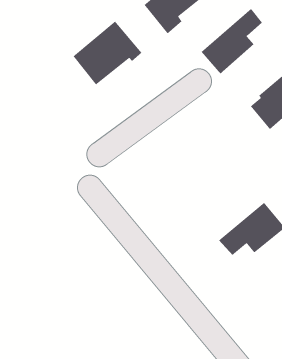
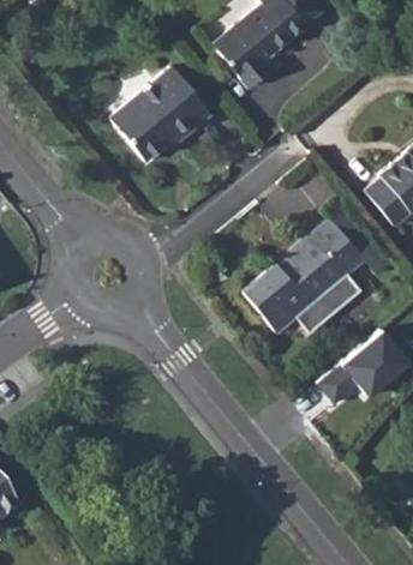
building: [201,8,263,75] -> none
building: none -> [245,217,365,332]

